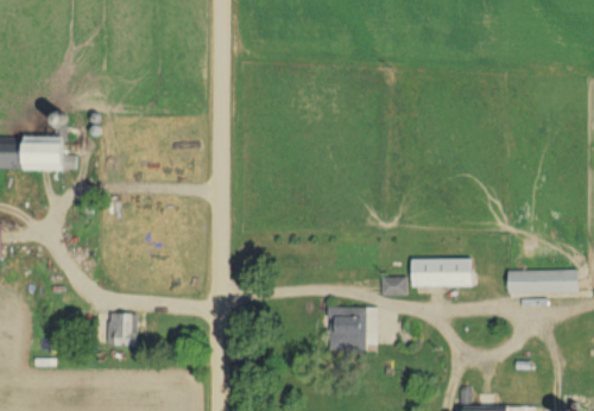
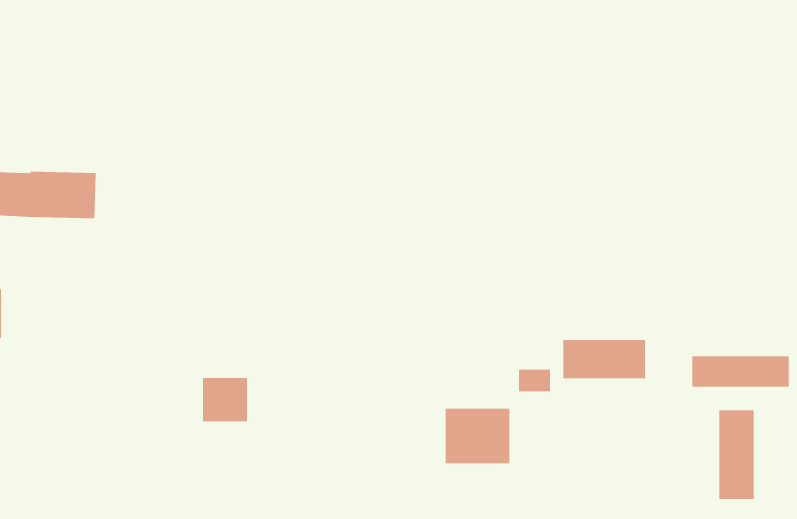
building: none -> [719,409,754,500]
building: [106,314,139,346] -> [202,378,248,422]

